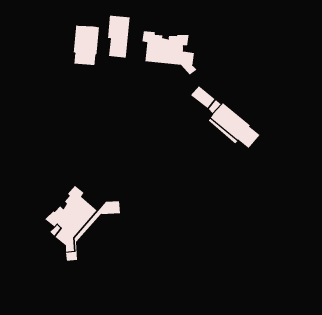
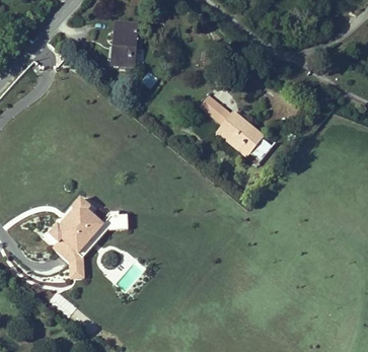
building: [73,24,99,66] -> none
building: [142,30,197,75] -> none

